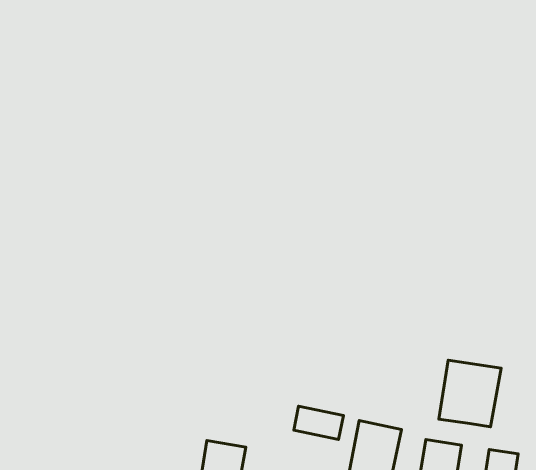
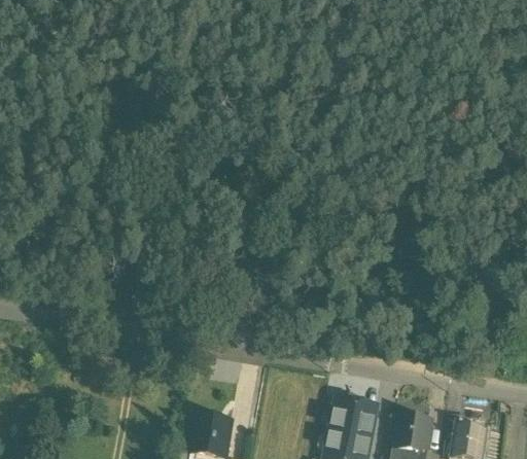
building: [439,360,501,427] -> none
building: [294,406,344,439] -> none

